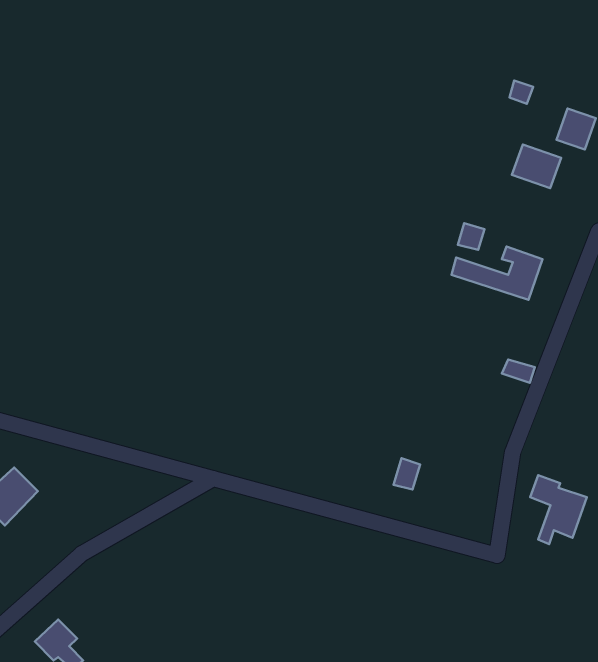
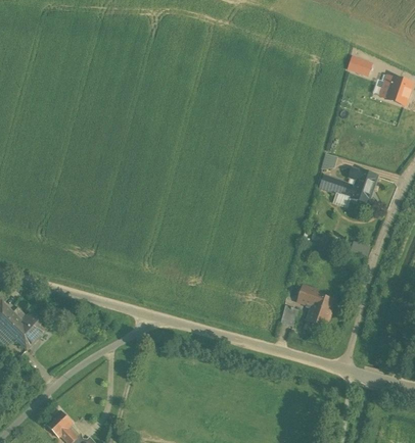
building: [512,144,561,188] -> none
building: [530,475,587,544] -> [296,286,333,331]

